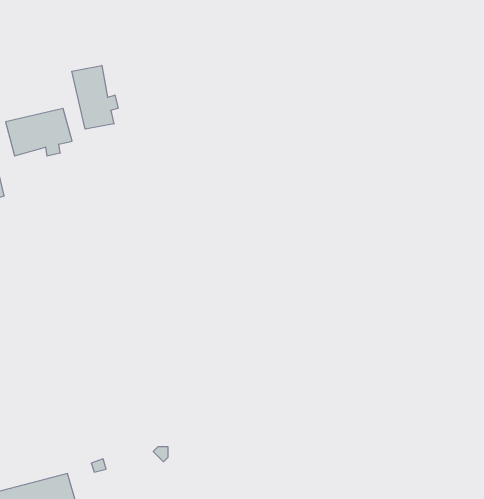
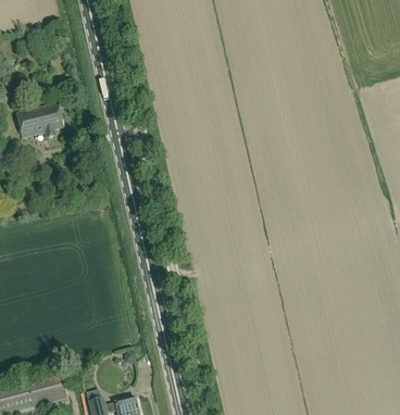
building: [72,65,118,129] -> none

